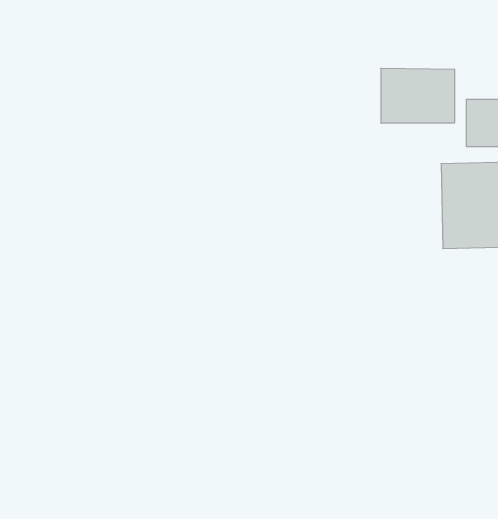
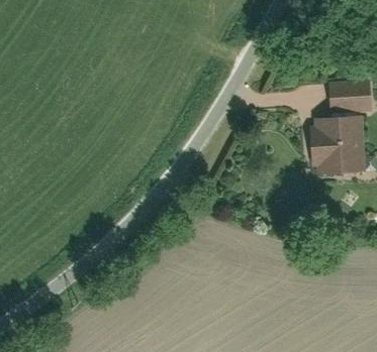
building: [381,68,454,123] -> none

